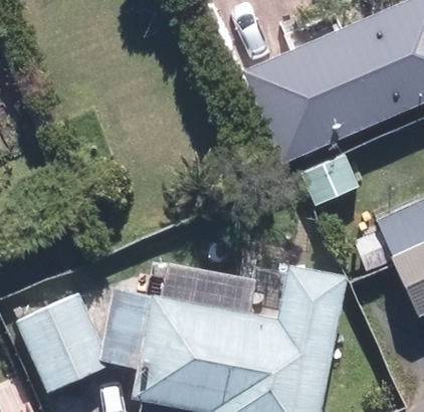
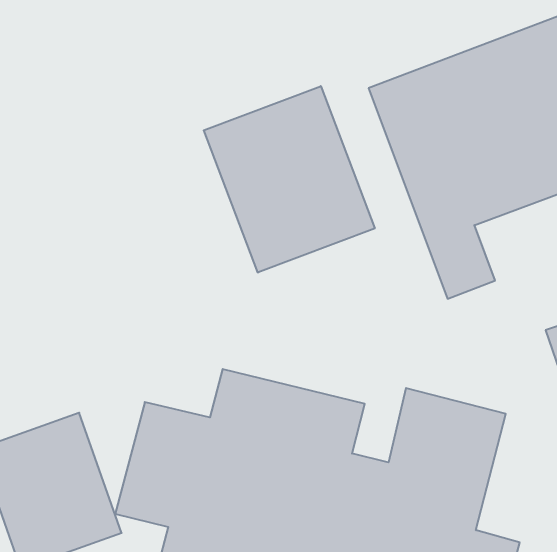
building: none -> [204,86,375,273]

